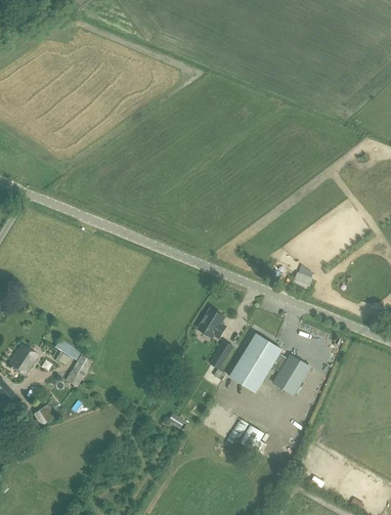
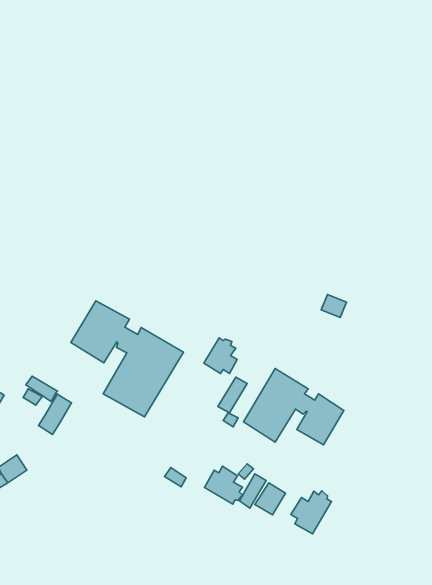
building: none -> [71,301,184,417]
building: none -> [204,466,243,504]
building: none -> [291,491,332,534]

